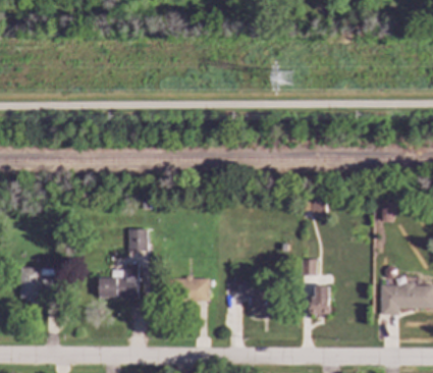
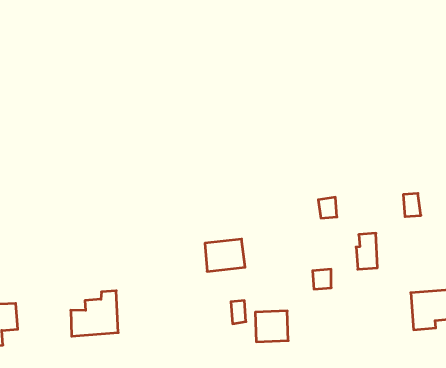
building: [128,229,149,251] -> none
building: [177,277,209,302] -> [205,239,245,271]
building: [312,286,329,315] -> [356,233,377,269]

